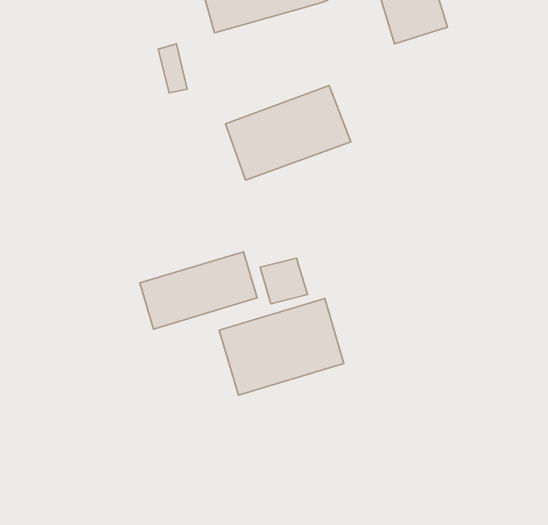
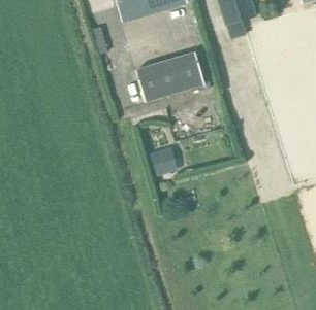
building: [140,252,257,329] -> none
building: [219,299,344,395] -> none

